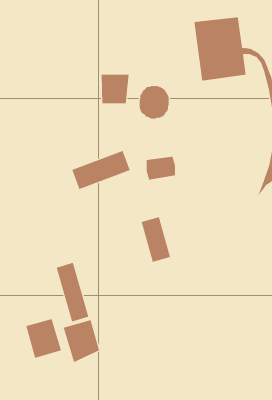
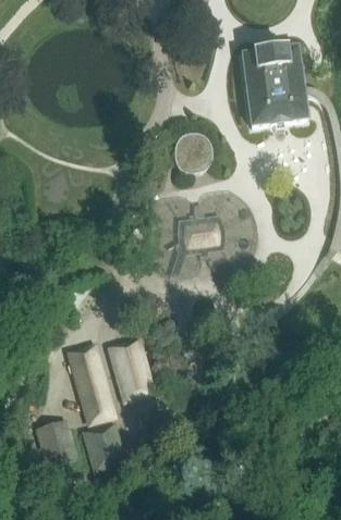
building: [101,74,129,104] -> none
building: [72,150,130,190] -> none
building: [141,217,171,262] -> [112,343,149,399]

